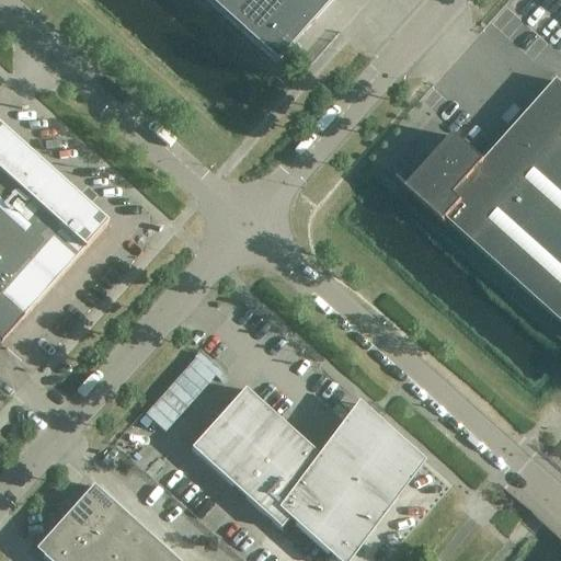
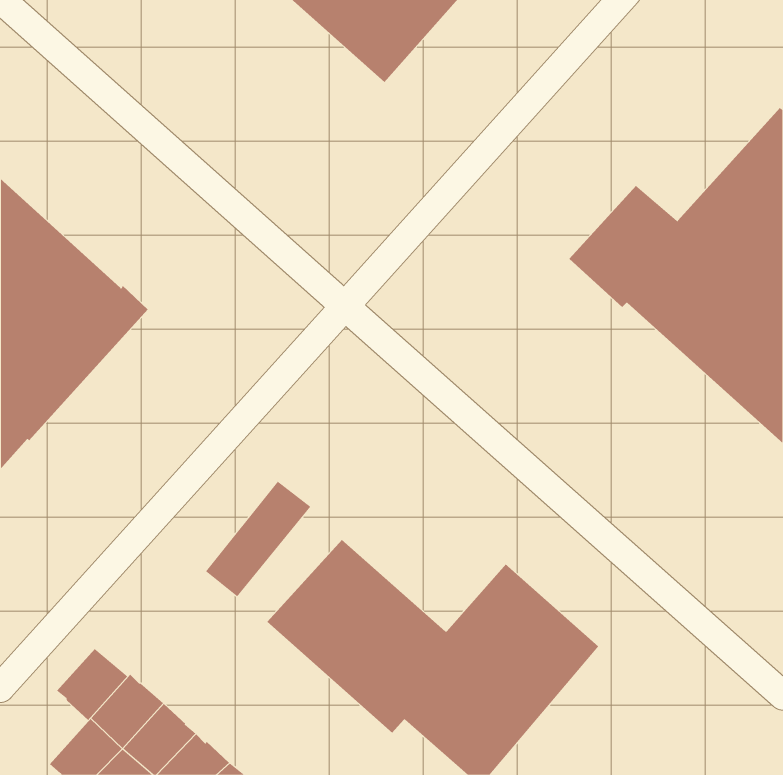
building: none -> [56,648,128,721]

